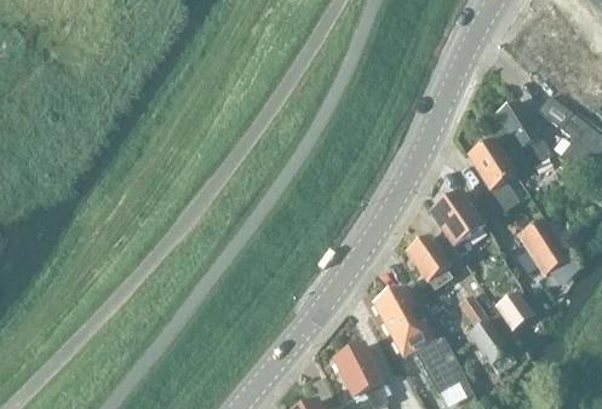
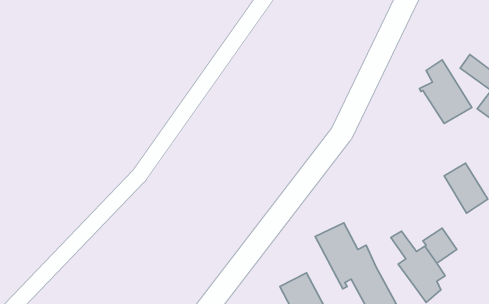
building: [469,137,518,204] -> none
building: [430,190,486,254] -> none
building: [407,235,452,288] -> none

